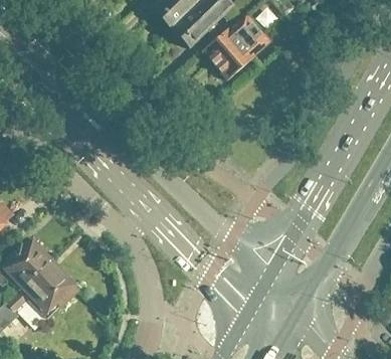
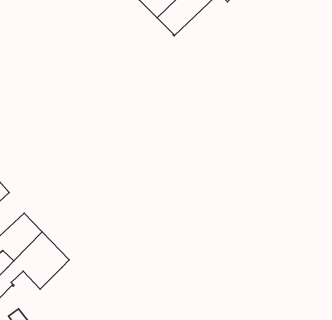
building: [202,22,260,78] -> none

